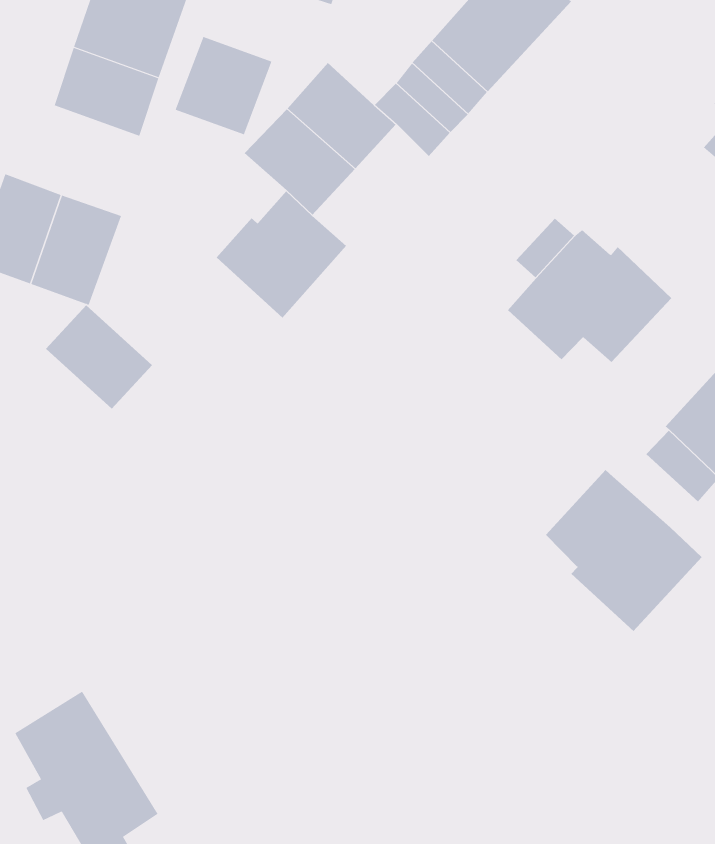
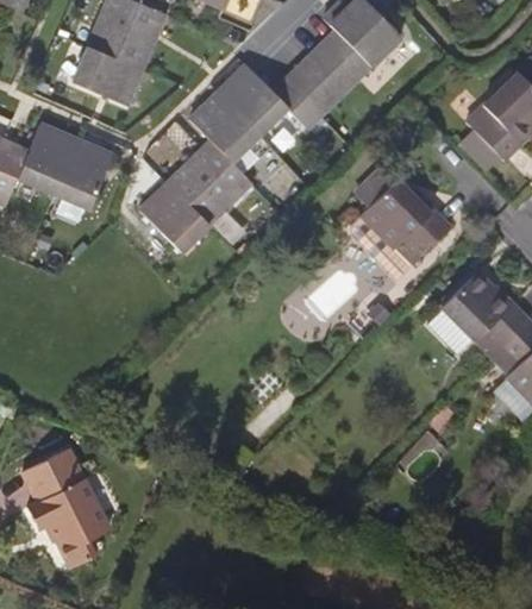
building: [175,36,272,135] -> none
building: [45,304,153,410] -> [140,182,207,249]
building: [545,469,703,632] -> none

